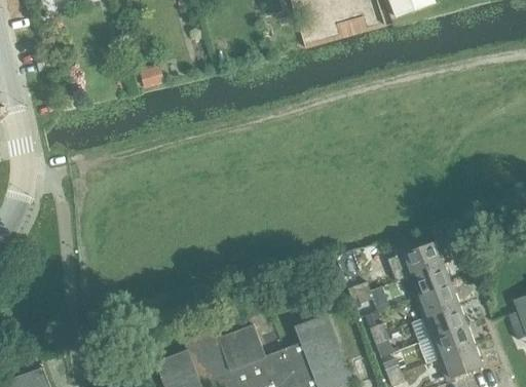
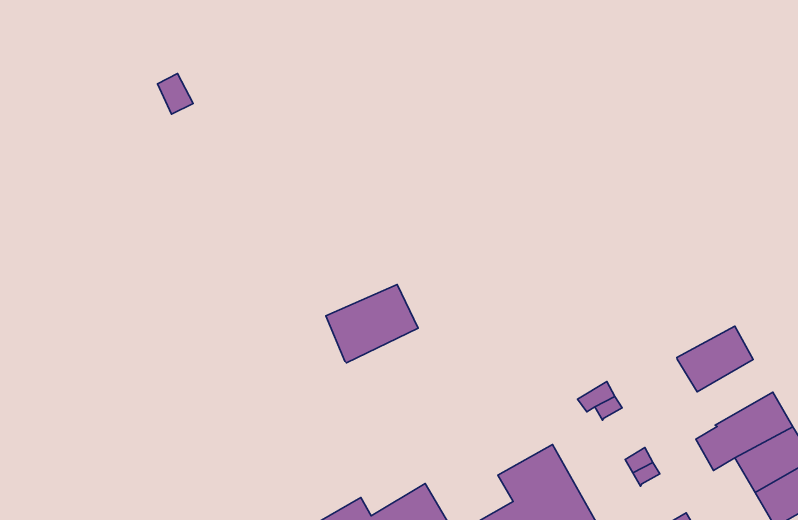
building: none -> [326,285,418,363]
building: [386,241,443,281] -> none
building: [415,283,458,317] -> none

